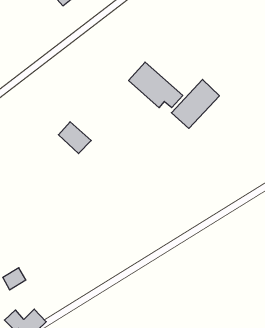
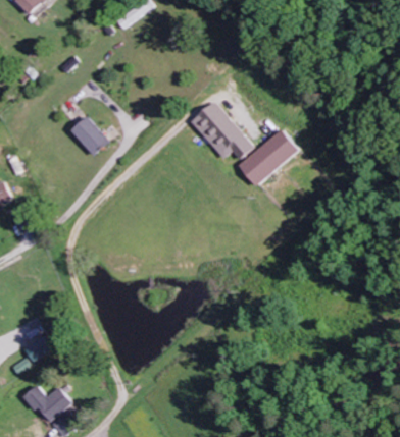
building: [58,122,91,154] -> [70,116,109,155]

